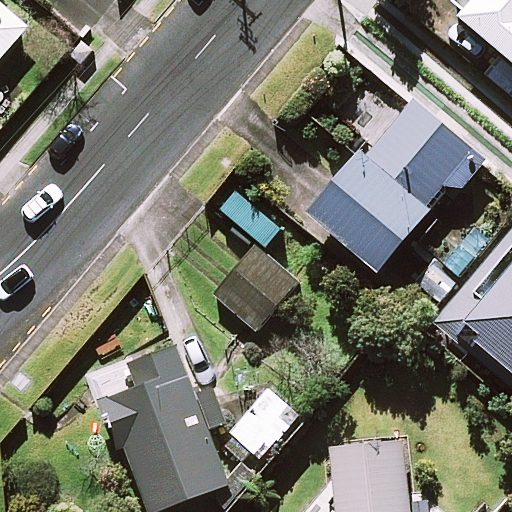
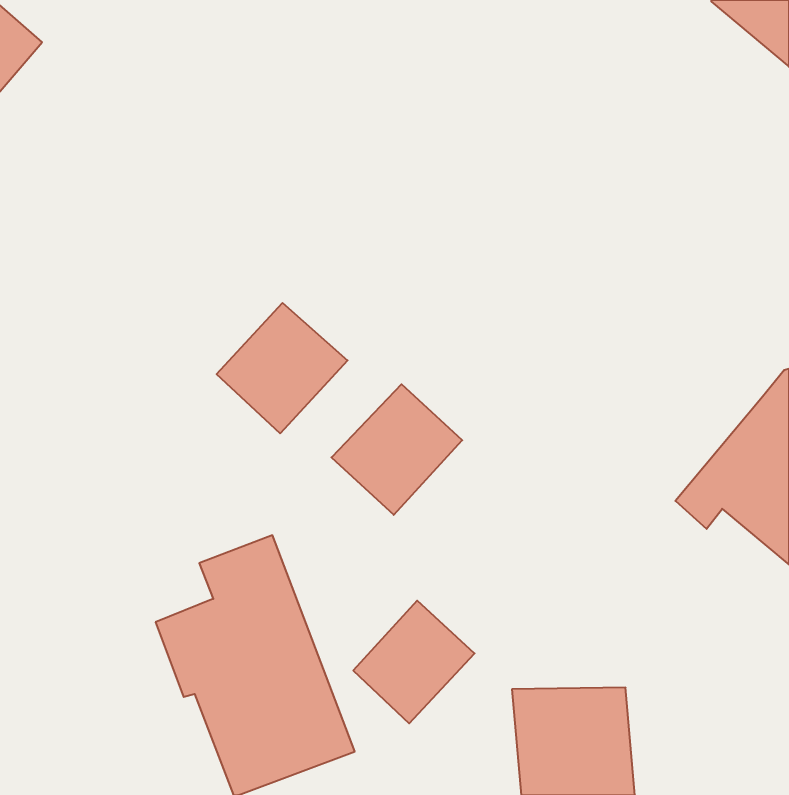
building: [312,102,477,269] -> none
building: none -> [217,303,348,433]

